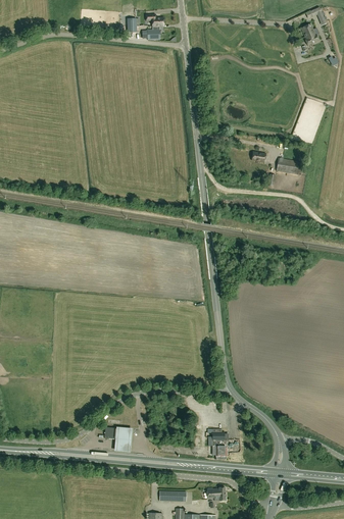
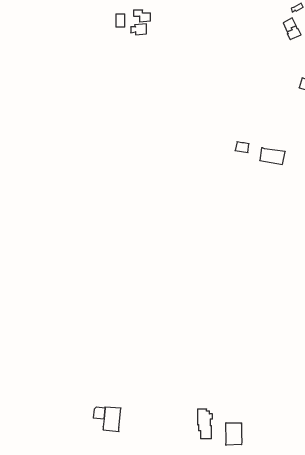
building: none -> [226,423,242,445]

